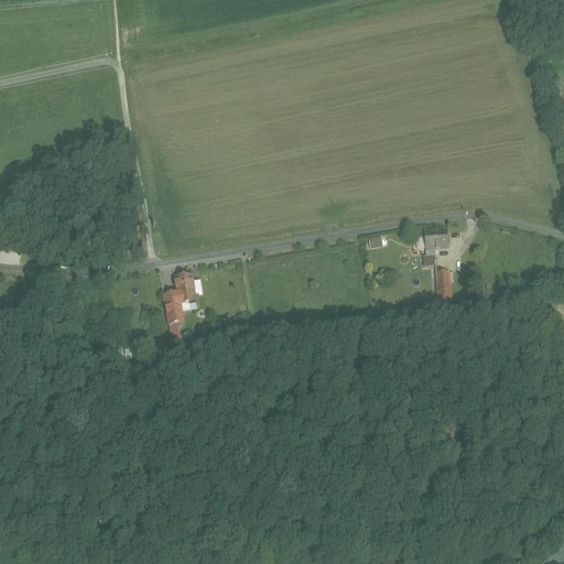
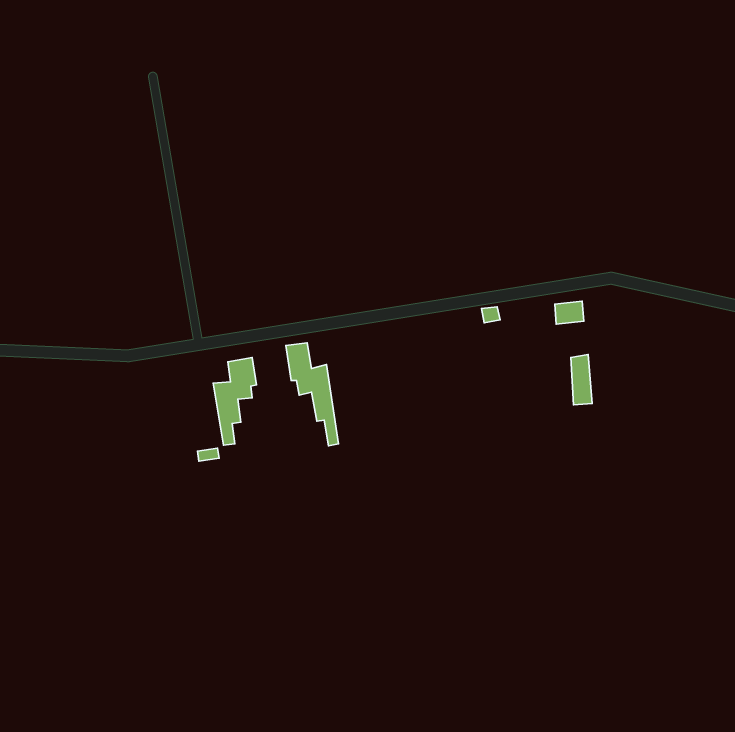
building: none -> [286,343,339,446]

